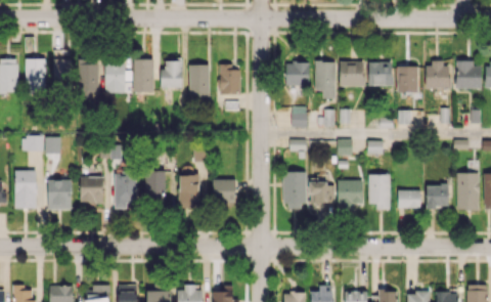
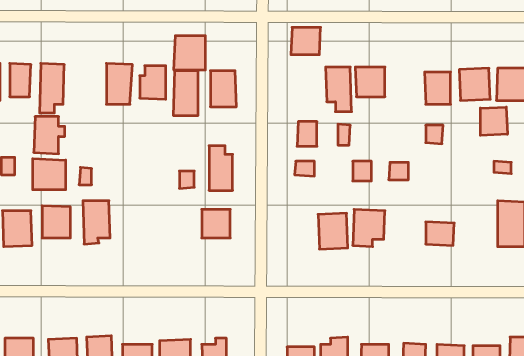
building: none -> [174,36,205,70]
building: [368,61,394,86] -> none
building: [105,62,131,93] -> [34,117,65,154]
building: [285,62,310,85] -> [291,27,321,55]
building: none -> [480,107,507,135]
building: none -> [33,159,66,190]
building: [180,167,199,204] -> [209,146,233,190]
building: [145,171,166,201] -> none
building: [284,171,306,208] -> none
building: [368,174,390,209] -> none
building: [427,185,449,208] -> none

